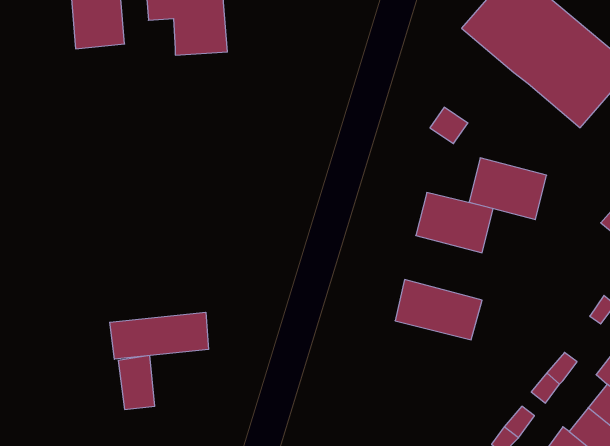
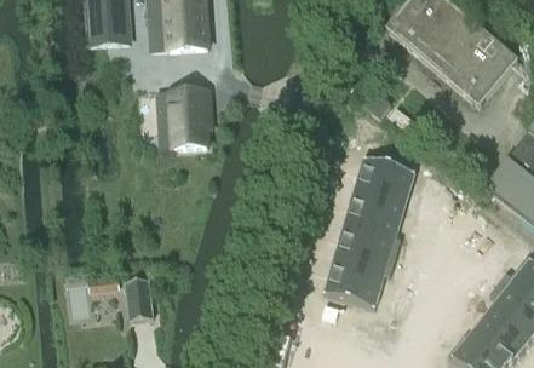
building: none -> [159,88,212,148]
building: [469,158,547,220] -> [344,186,403,234]
building: [110,312,209,359] -> none
building: none -> [328,252,387,299]

